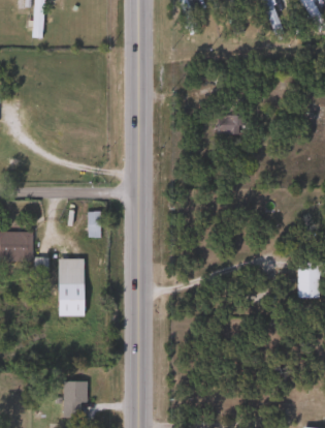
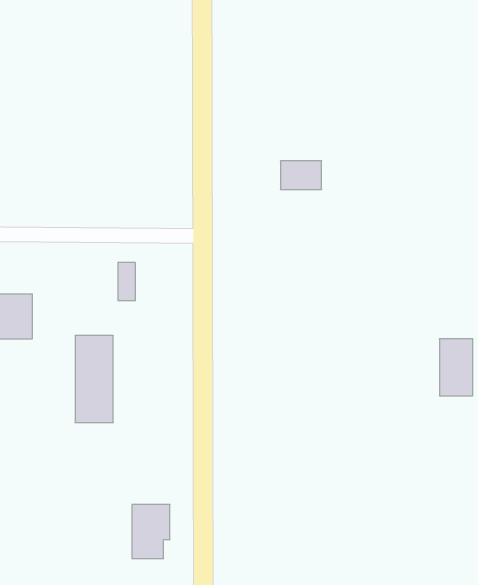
building: [218,115,245,133] -> [280,161,322,189]
building: [63,380,88,416] -> [132,505,170,559]

